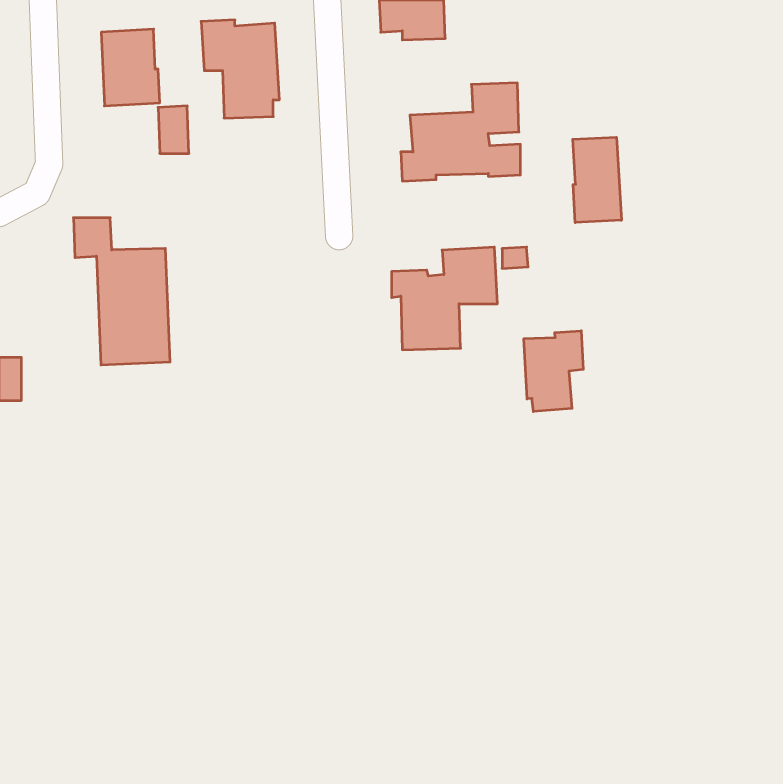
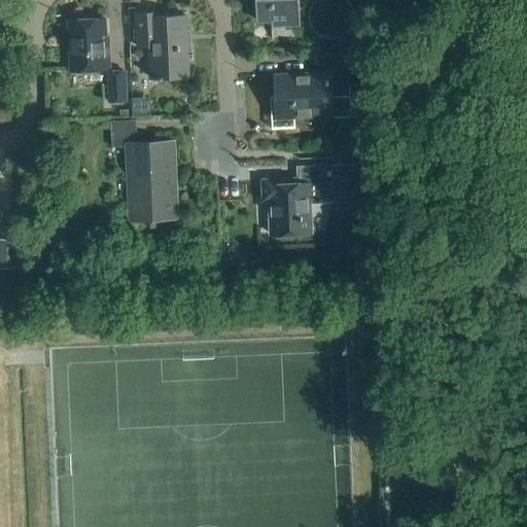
building: [573,137,621,223] -> none
building: [73,218,170,365] -> [110,121,175,220]
building: [524,331,583,412] -> none

